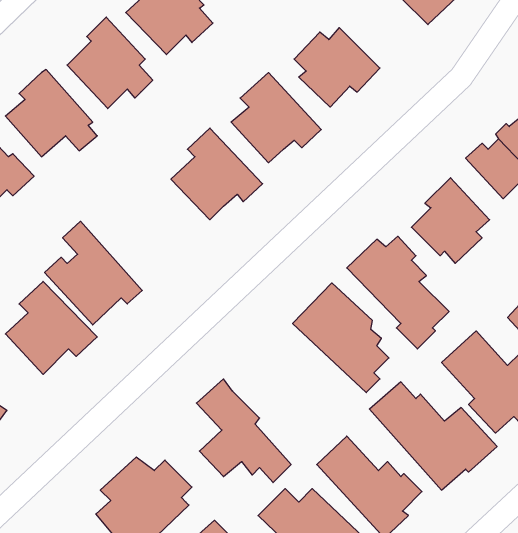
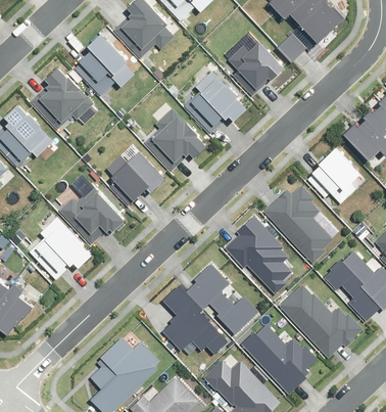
building: none -> [278,33,306,61]
building: none -> [107,150,164,200]
building: none -> [185,264,255,330]

